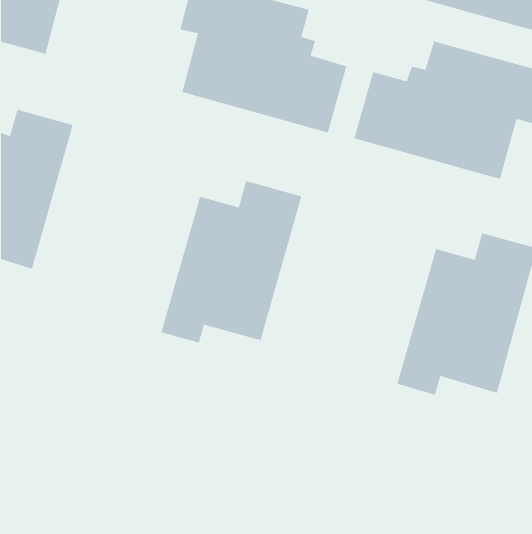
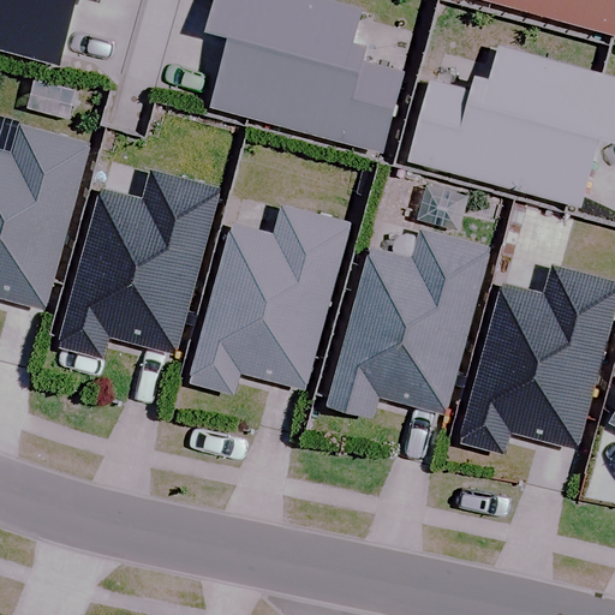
building: none -> [56,168,219,354]
building: none -> [328,229,490,416]

